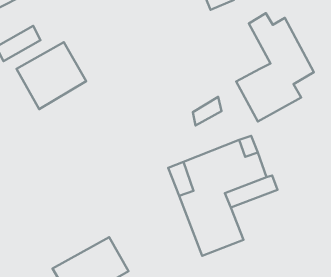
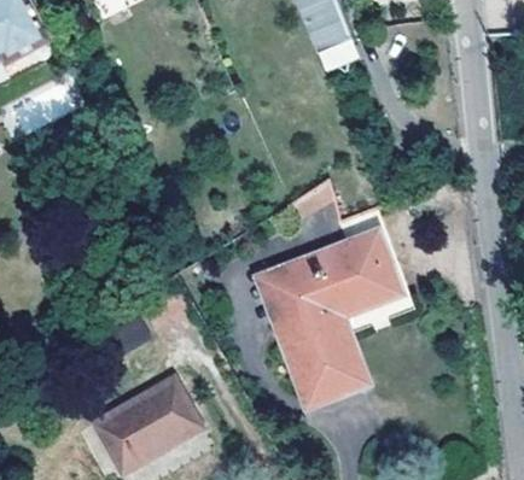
building: [236,13,314,121] -> none
building: [17,42,86,109] -> none

